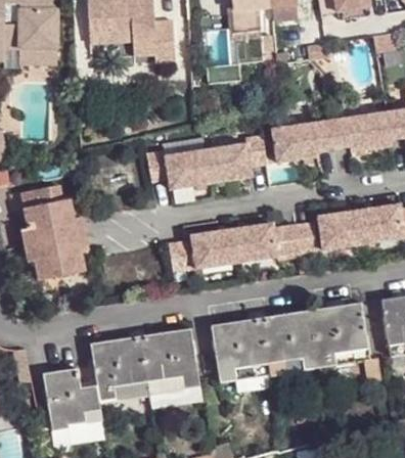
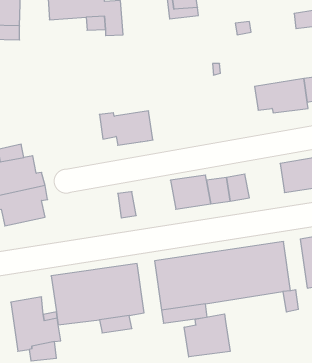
building: [272,120,333,163] -> none
building: [206,135,267,182] -> none
building: [317,210,364,249] -> none
building: [190,229,237,270] -> none
building: none -> [184,314,230,357]

